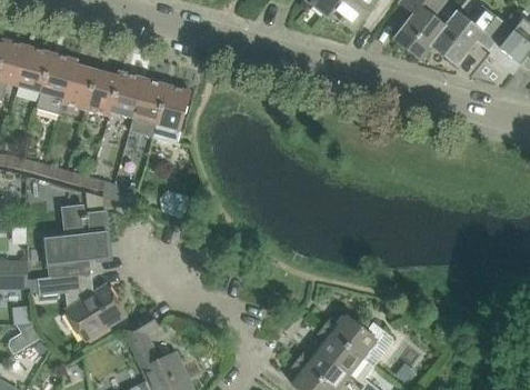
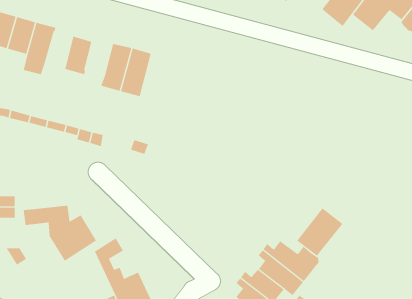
building: [62,63,96,109] -> none
building: [110,71,143,117] -> none
building: [43,206,109,277] -> none
building: none -> [297,207,344,256]

